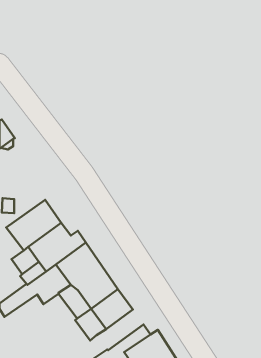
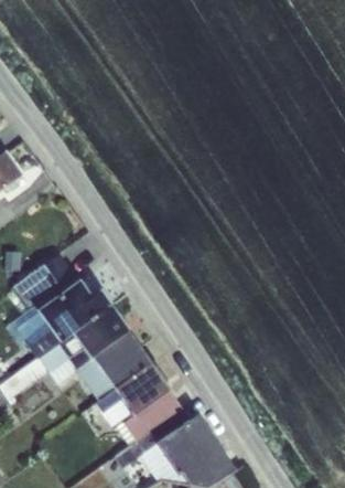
building: none -> [123,391,182,442]

